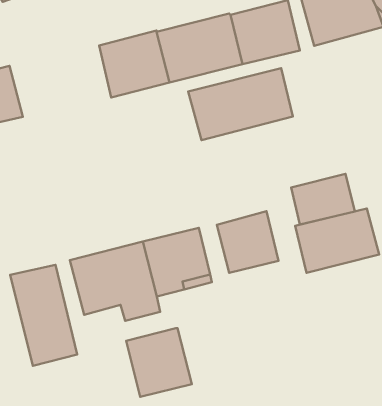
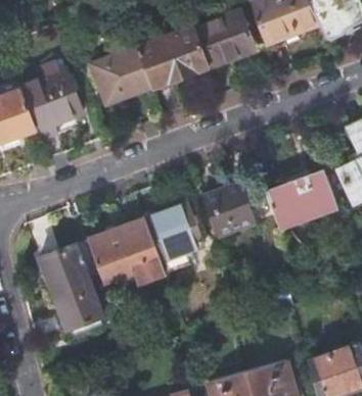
building: none -> [18,69,81,142]
building: [188,68,293,140] -> none
building: [291,174,355,224] -> none
building: [126,328,192,397] -> none

